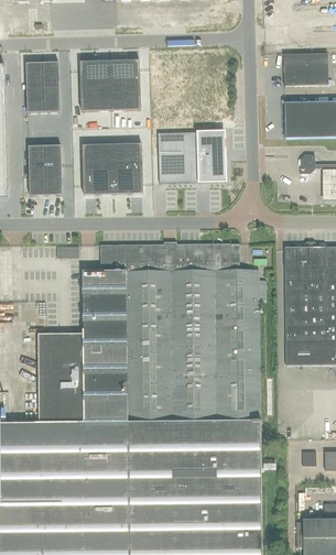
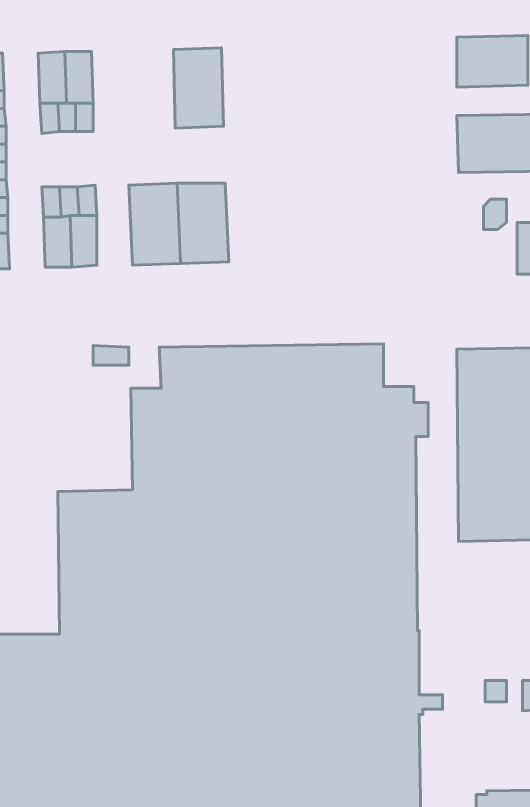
building: [78,61,109,110] -> none
building: [156,130,225,183] -> none

